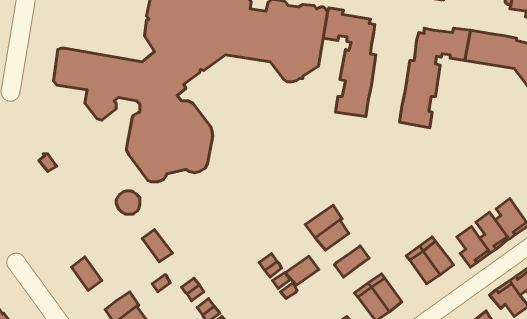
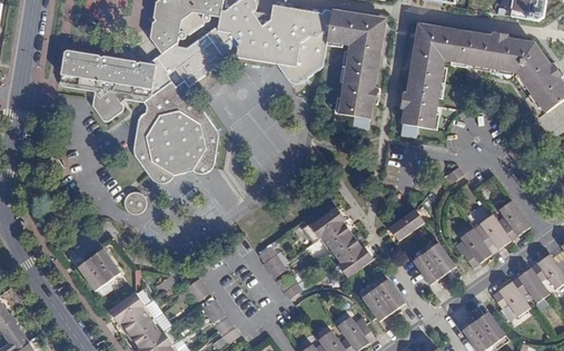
building: none -> [388,209,424,241]
building: [142,229,173,262] -> [90,248,120,281]
building: [285,256,319,285] -> [328,234,362,263]

